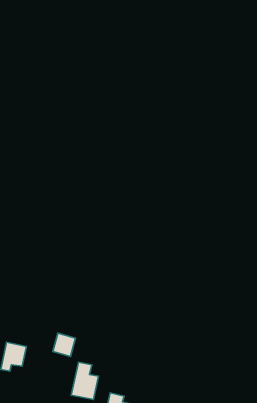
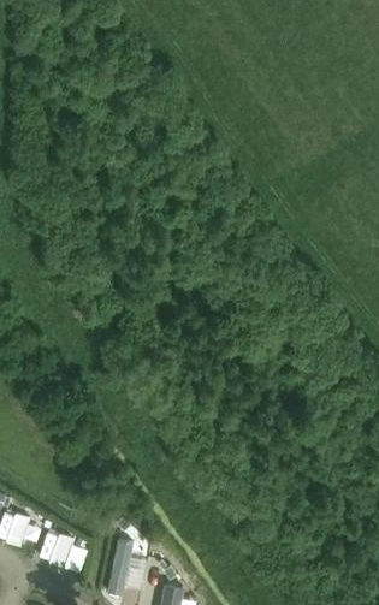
building: [53,333,75,356] -> [39,532,71,565]

